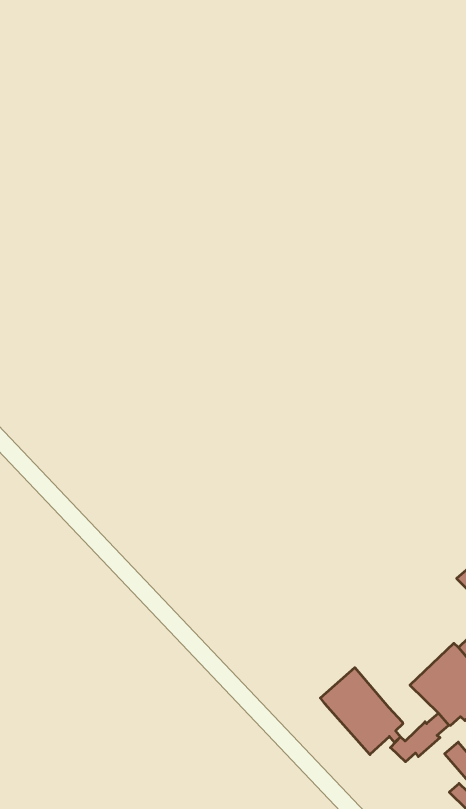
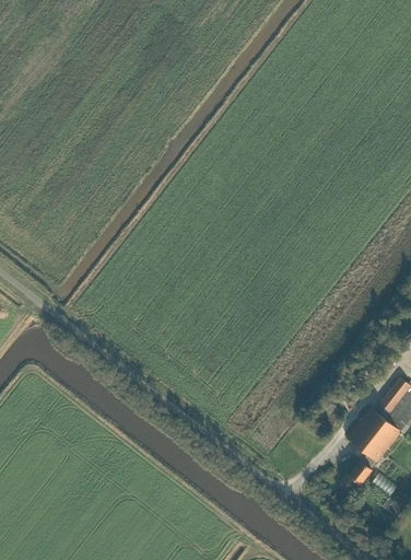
building: [320,668,403,755] -> none

